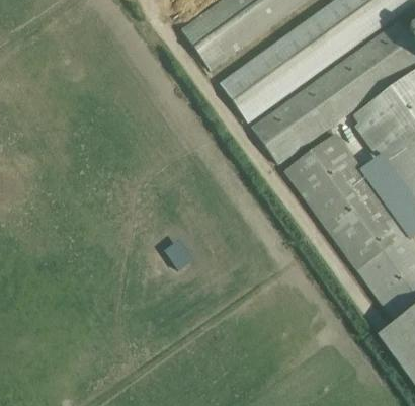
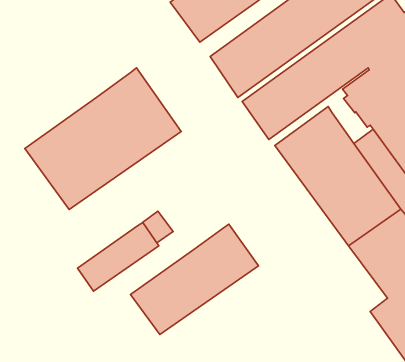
building: none -> [25,68,181,210]
building: none -> [78,223,159,291]
building: none -> [130,224,258,335]

